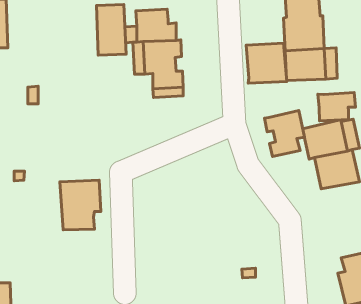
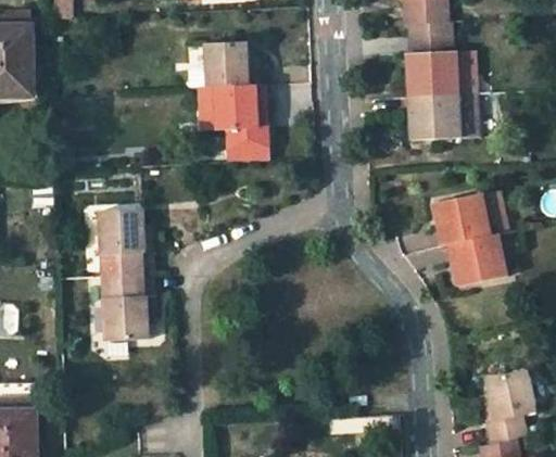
building: [97,4,126,55] -> none
building: [246,43,287,83] -> none
building: [318,92,356,121] -> none
building: [264,111,304,156] -> none
building: none -> [98,208,154,276]

